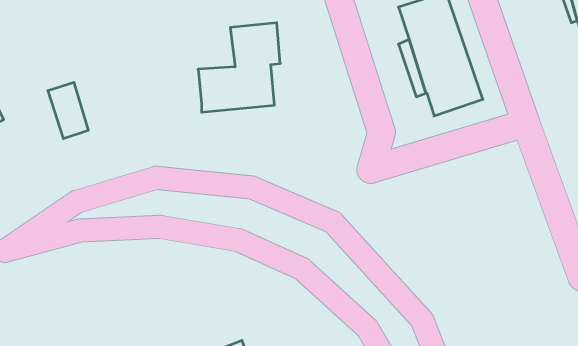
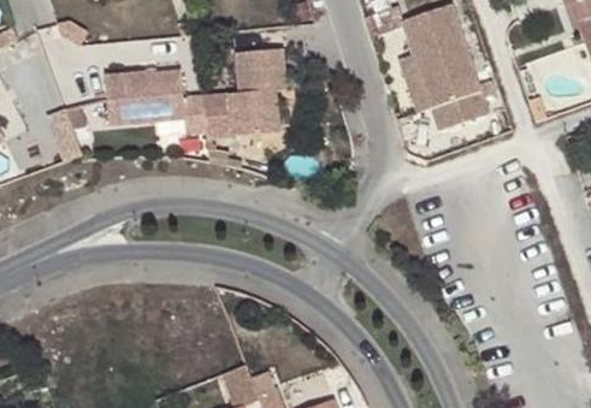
building: none -> [102,67,205,129]

